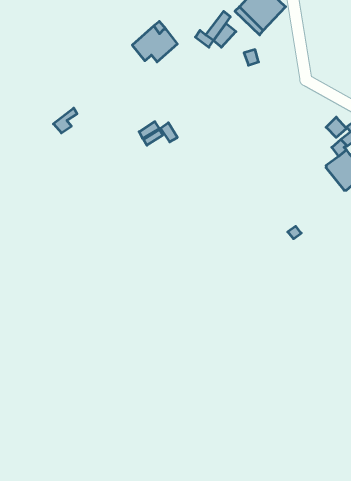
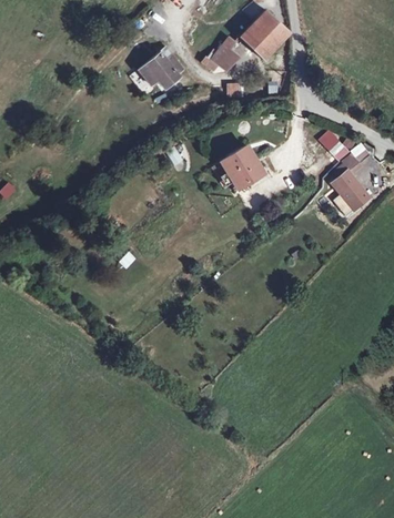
building: none -> [222,146,265,189]

